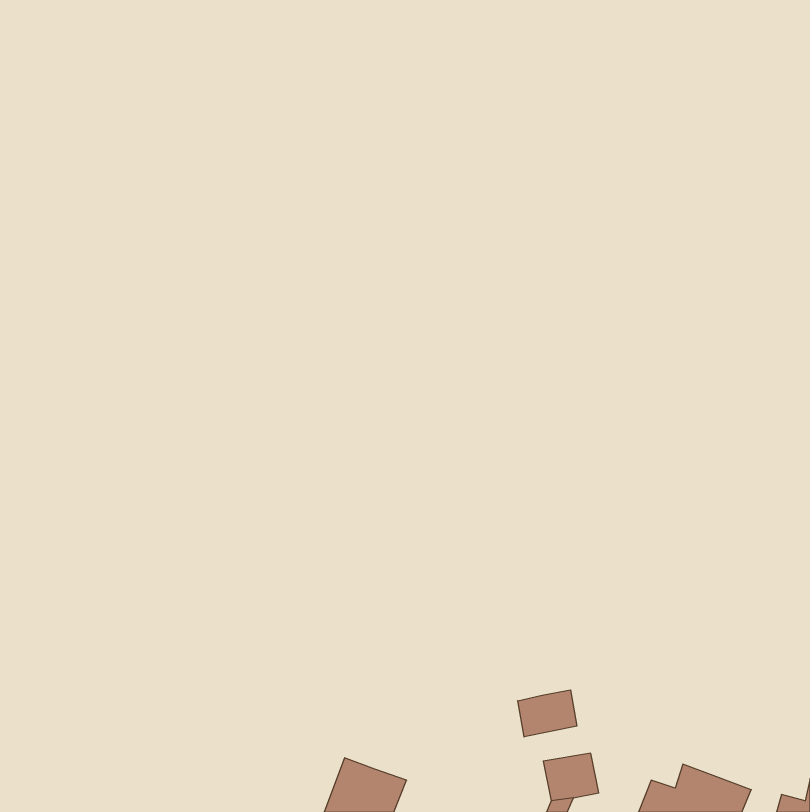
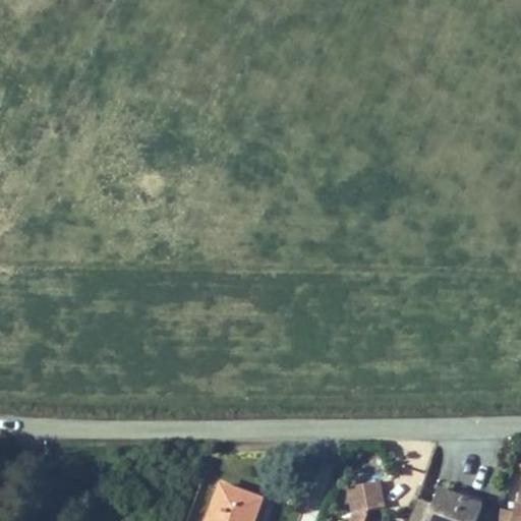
building: [518,690,577,737] -> none

